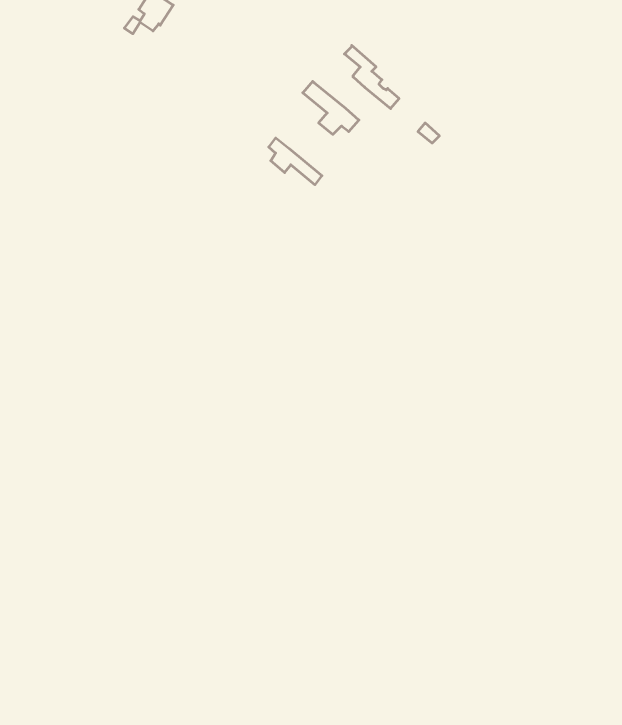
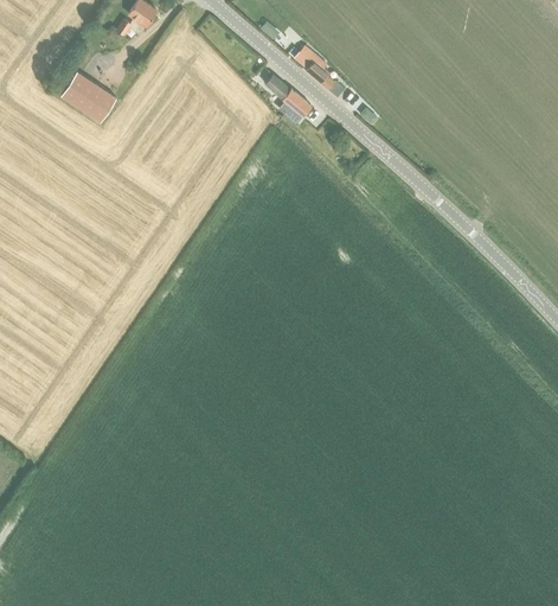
building: none -> [60,71,116,121]
building: [269,138,322,185] -> none

